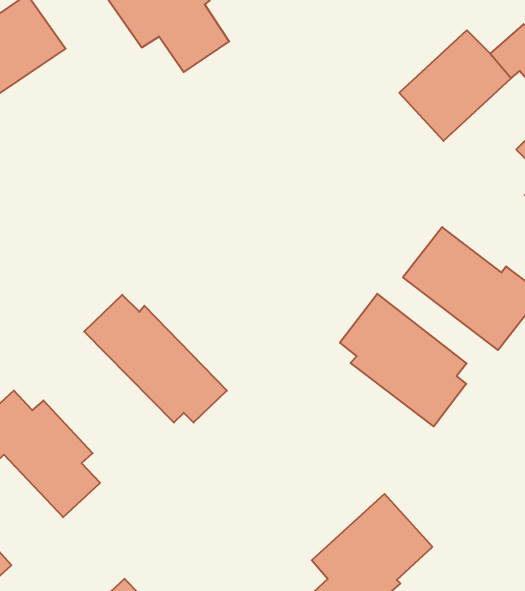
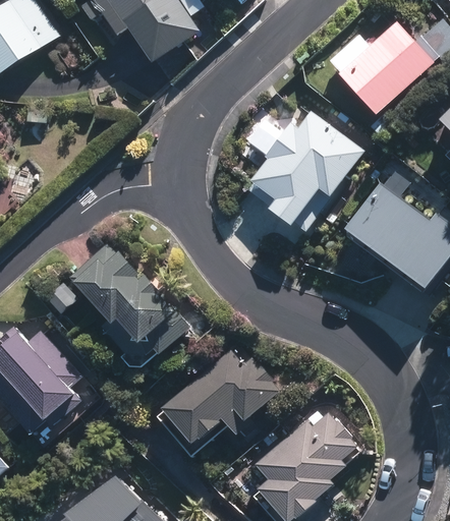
building: none -> [250,112,354,226]
building: [340,294,467,426] -> none
building: none -> [161,349,283,455]

